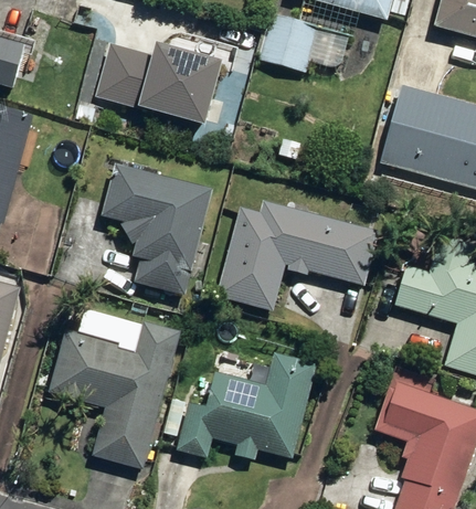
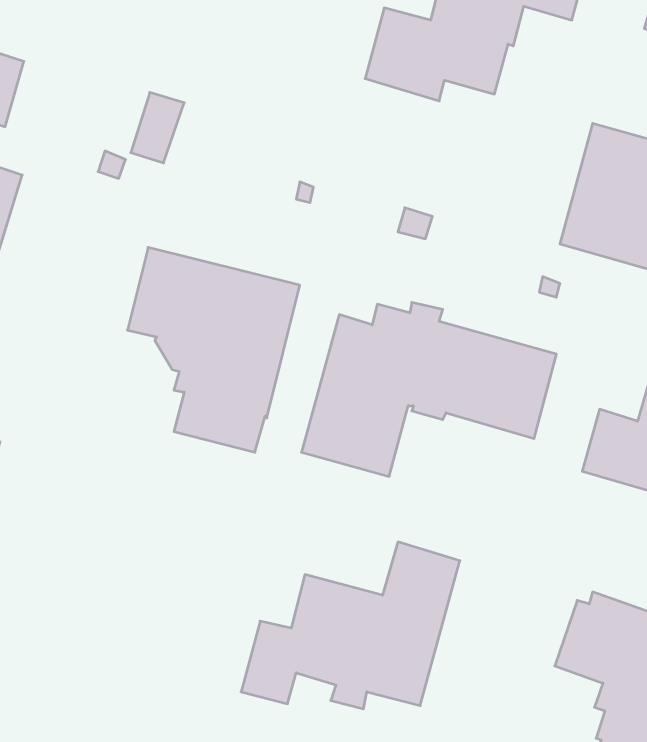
building: [127,28,228,131] -> none
building: [47,321,181,468] -> none

